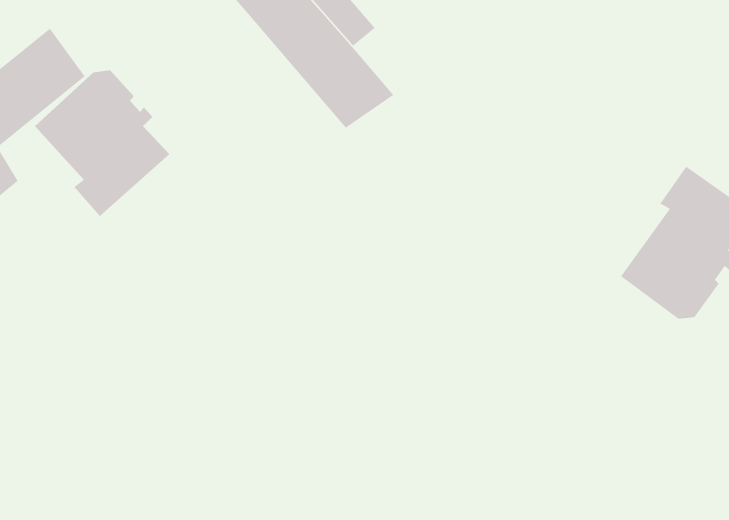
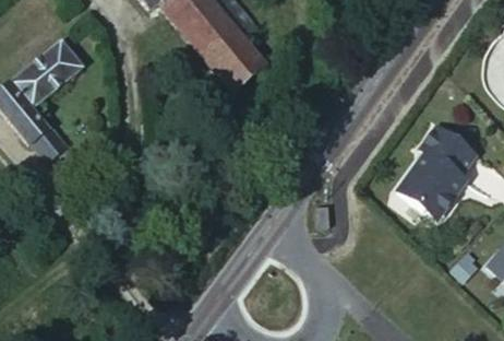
building: [34,70,170,217] -> none

